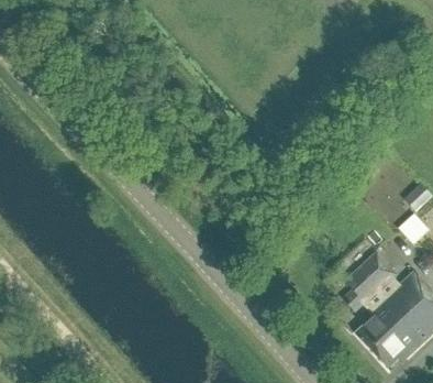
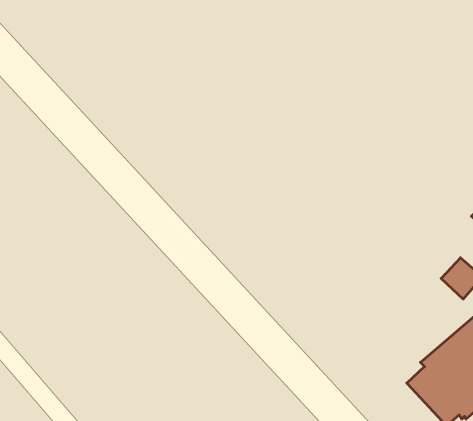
building: [343,251,395,309] -> none

